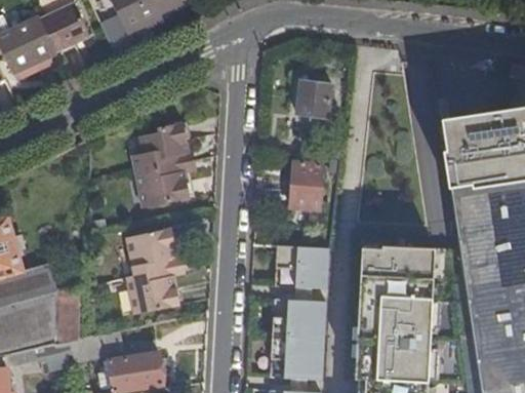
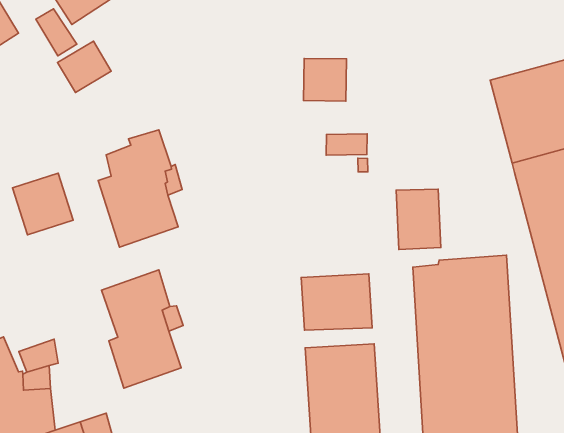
building: none -> [58,41,111,93]
building: none -> [13,173,73,235]
building: [291,162,326,209] -> [396,189,441,250]

